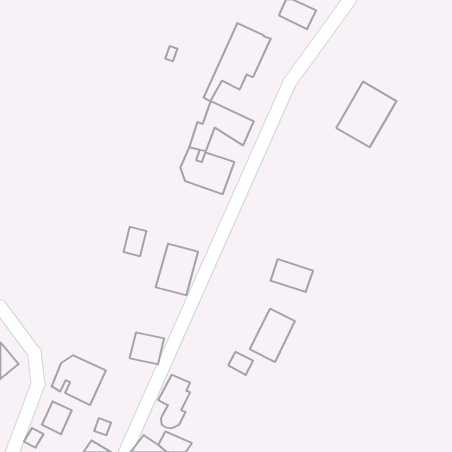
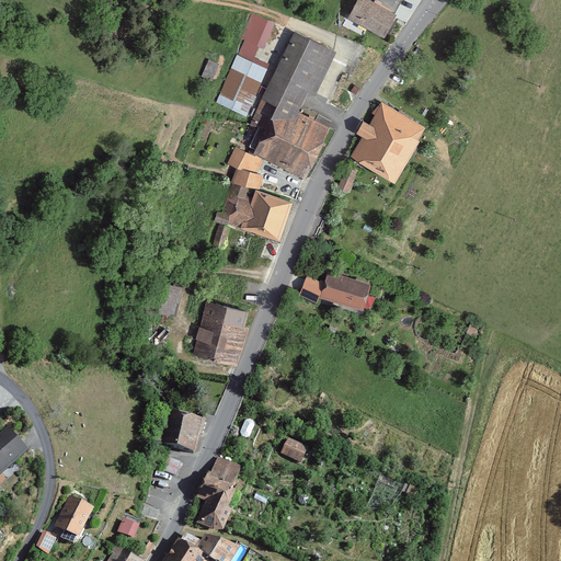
building: none -> [216,13,268,116]
building: none -> [262,100,329,150]
building: [336,82,397,147] -> [352,101,426,182]
building: [270,259,313,292] -> [317,268,369,309]
building: [250,309,295,362] -> none
building: [52,355,106,405] -> none

